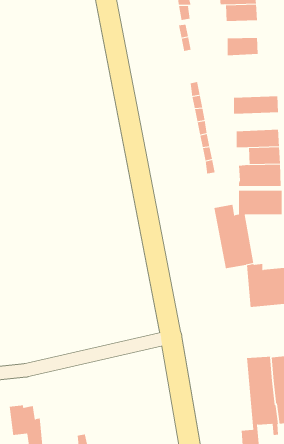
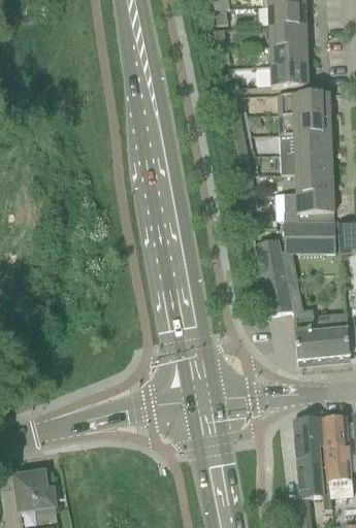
building: none -> [269,25,306,45]
building: none -> [270,64,309,86]
building: none -> [277,92,330,114]
building: none -> [280,132,331,154]

